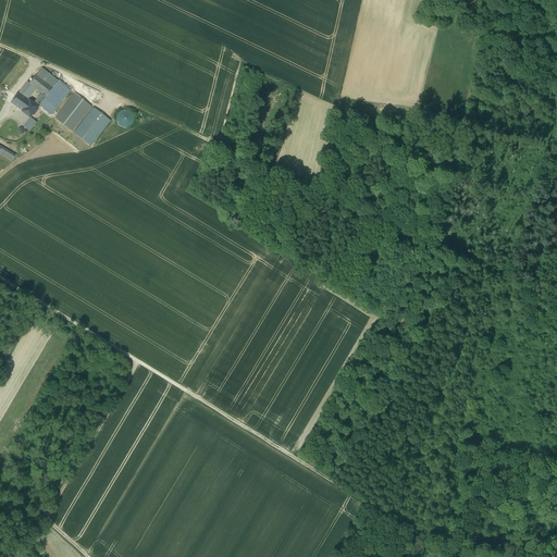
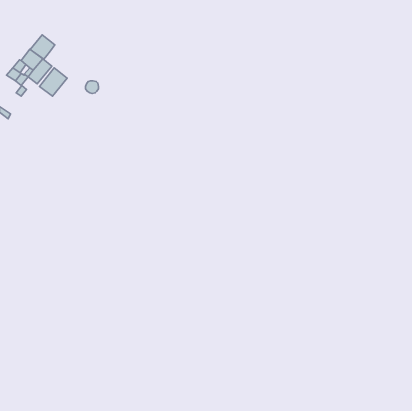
building: none -> [30,35,55,59]
building: [72,106,110,145] -> none

